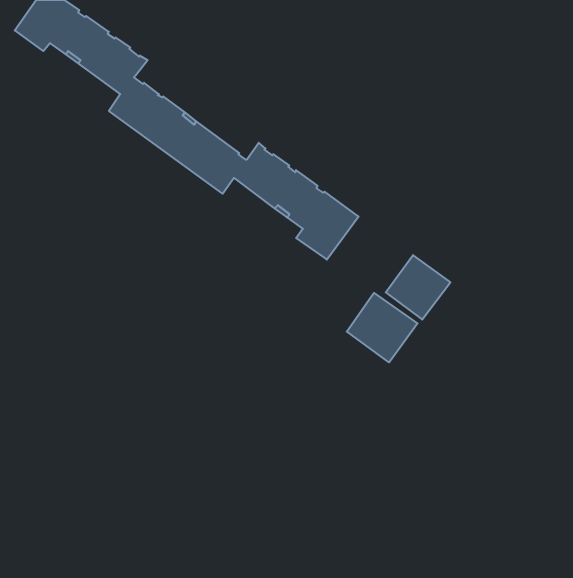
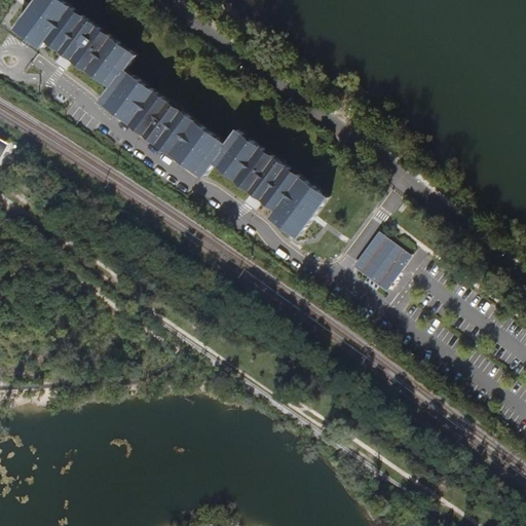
building: [347,293,418,362] -> none

